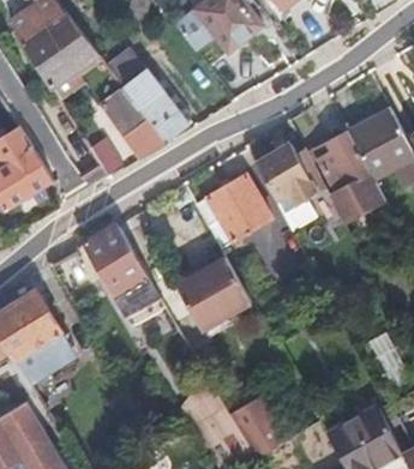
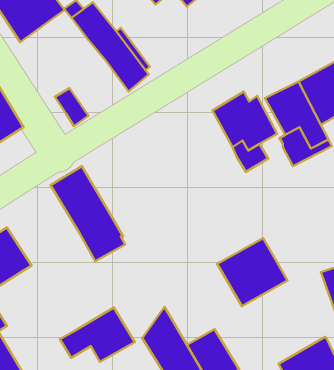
building: [98,88,167,158] -> none
building: [196,174,270,247] -> none
building: [175,257,251,330] -> [217,238,288,306]
building: none -> [60,307,135,362]

